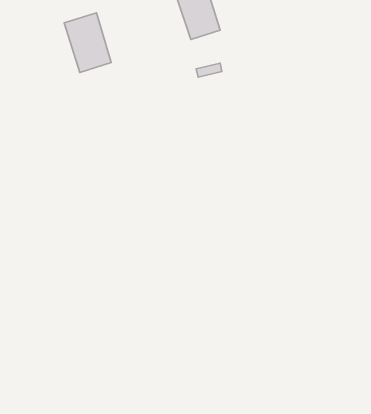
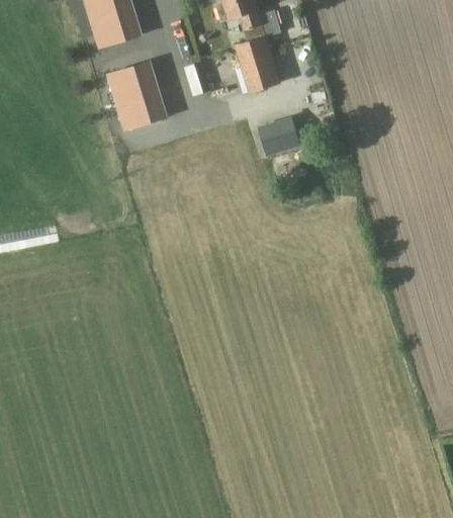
building: none -> [259,127,293,154]

